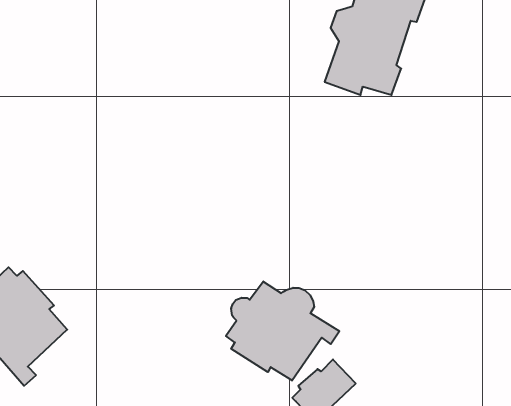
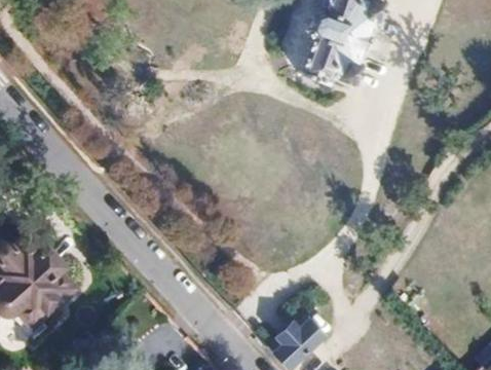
building: [226,281,339,381] -> none

